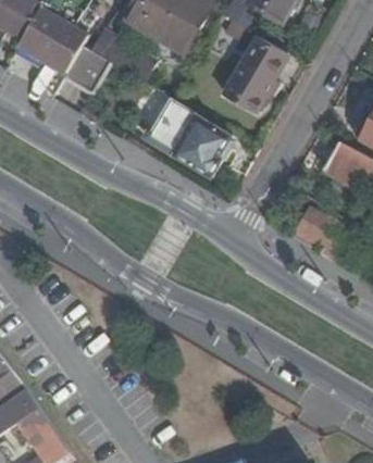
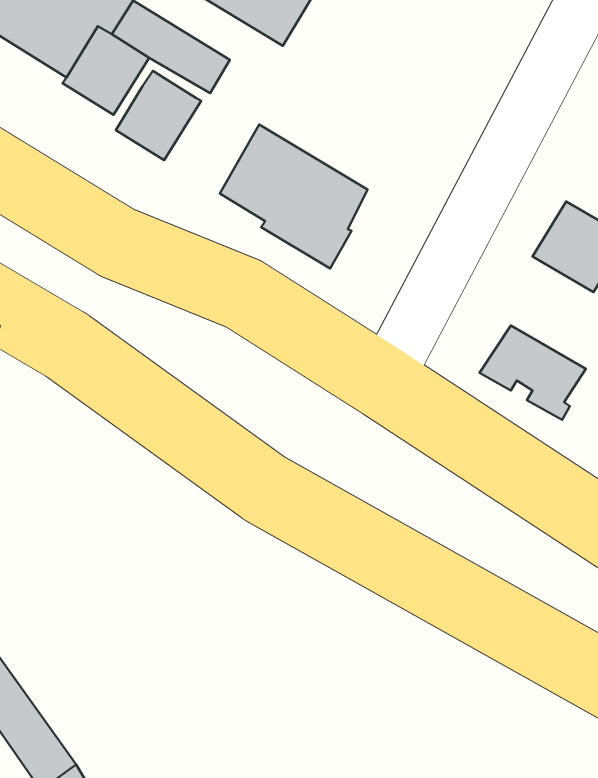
building: [222,36,286,112] -> none
building: none -> [116,71,201,160]

